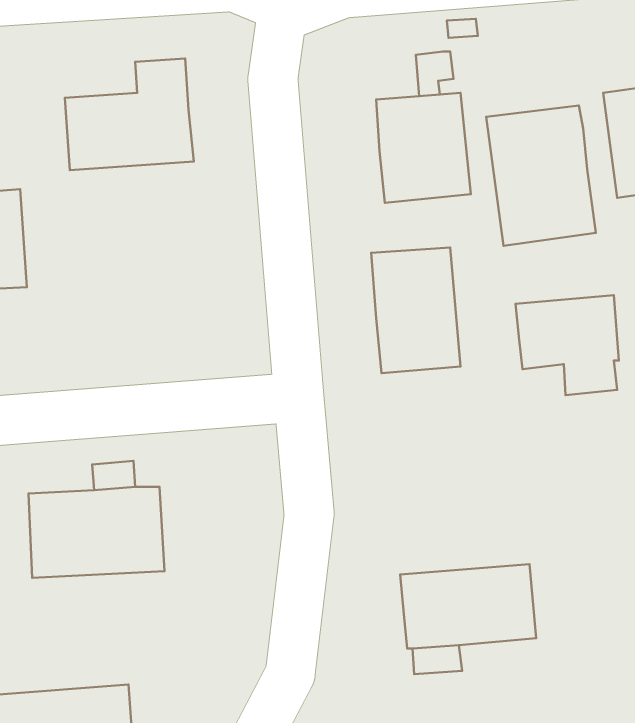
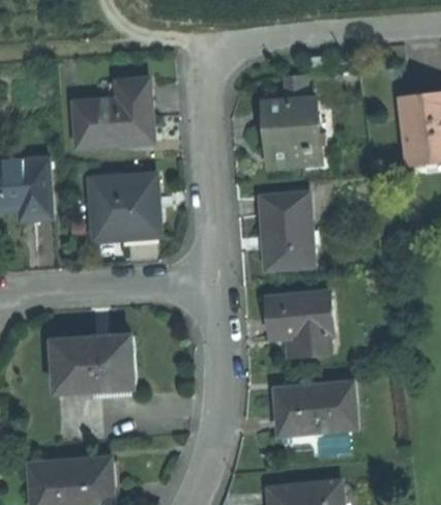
building: [486,105,596,246] -> none
building: none -> [90,175,159,238]
building: [516,295,619,395] -> [268,294,330,354]

